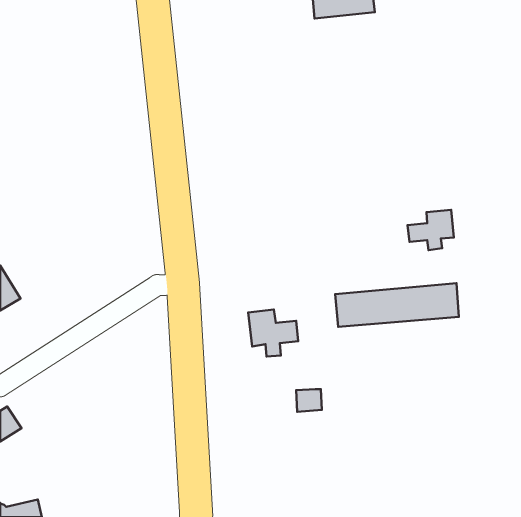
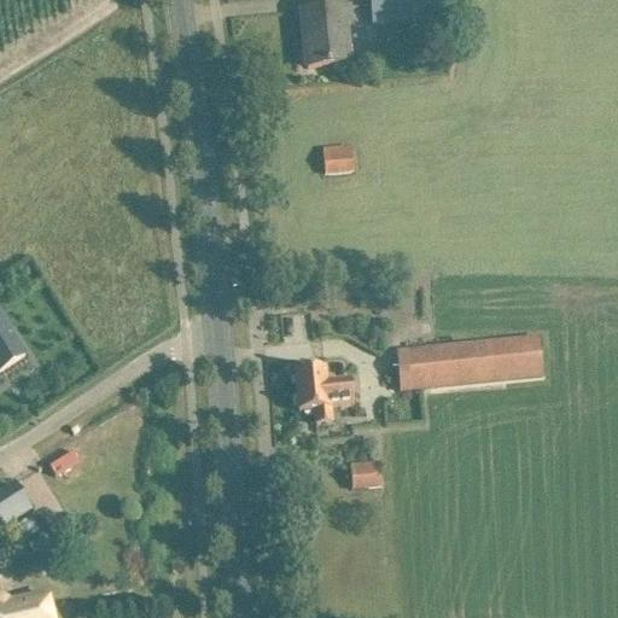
building: none -> [302,5,350,65]
building: none -> [322,144,354,170]
building: [408,210,454,250] -> none

